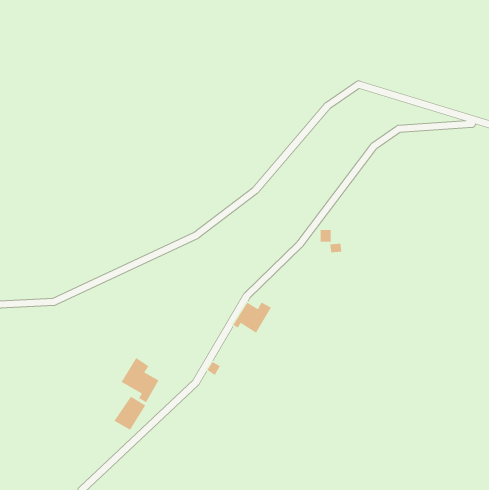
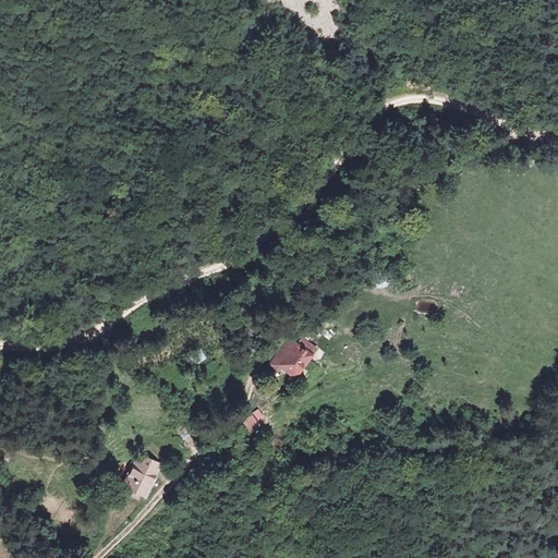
building: [121,357,159,403] -> none

